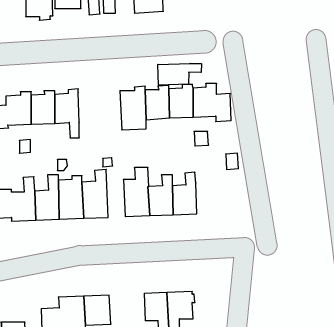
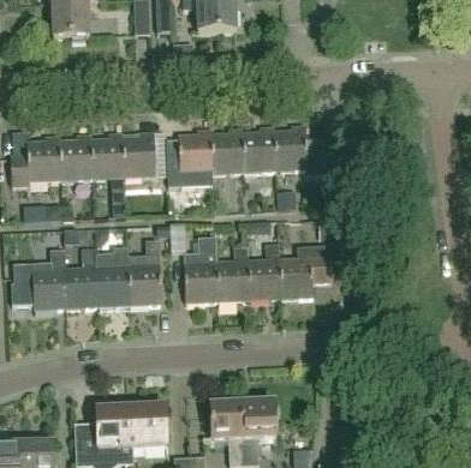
building: [158,63,201,85] -> none
building: none -> [123,132,156,178]
building: none -> [279,251,329,299]

